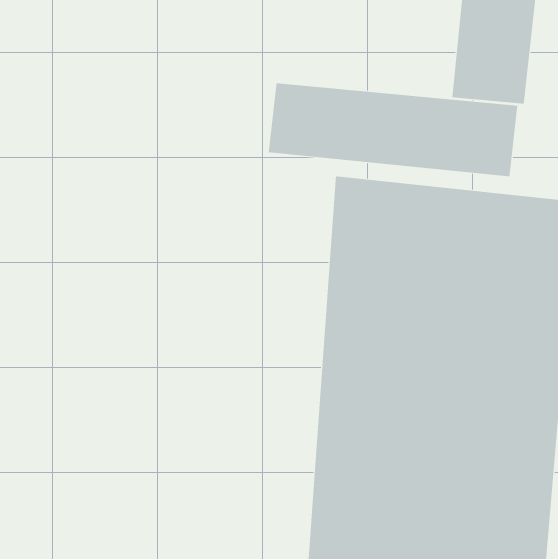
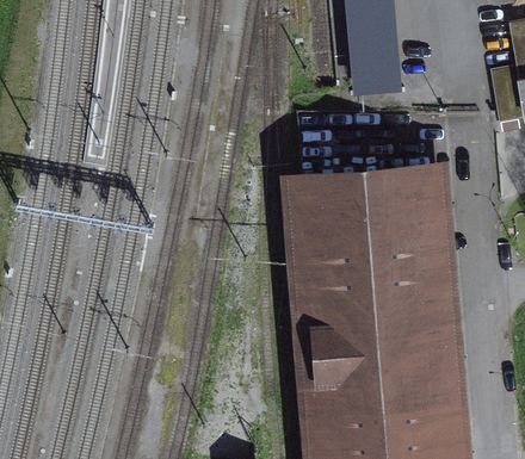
building: [268,83,518,177] -> none

